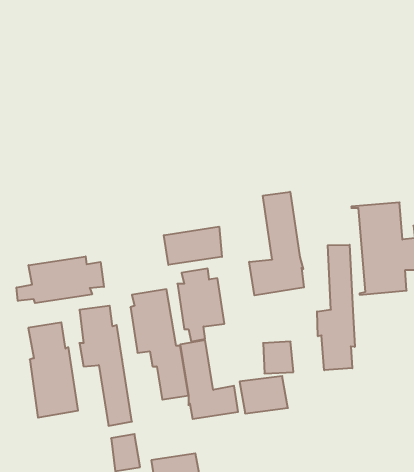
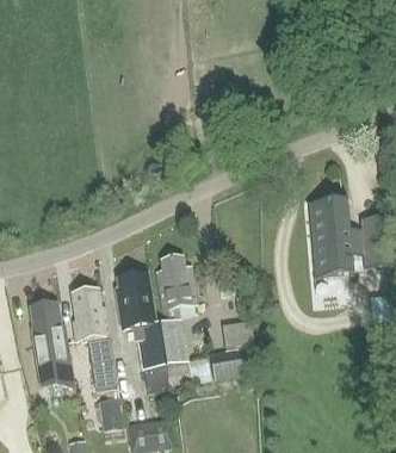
building: [249,192,304,295] -> none
building: [164,227,222,265] -> none
building: [317,245,355,370] -> none
building: [17,256,104,303] -> none

